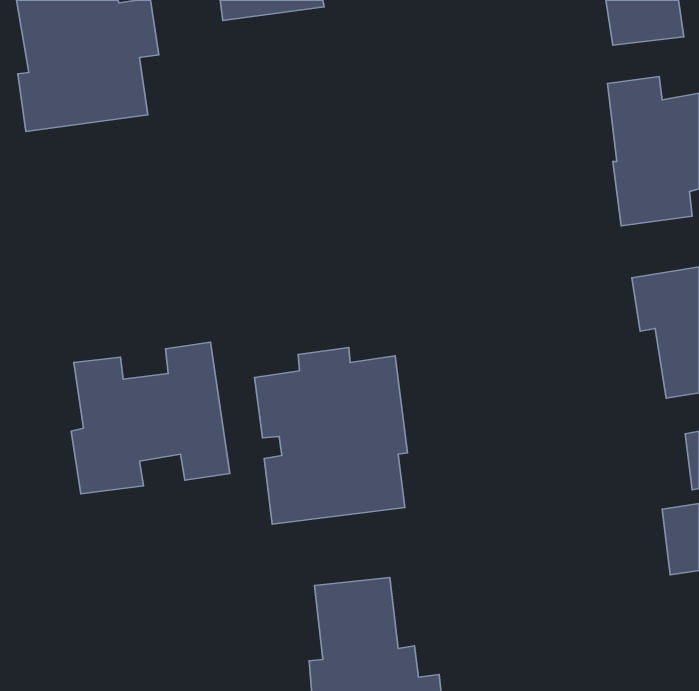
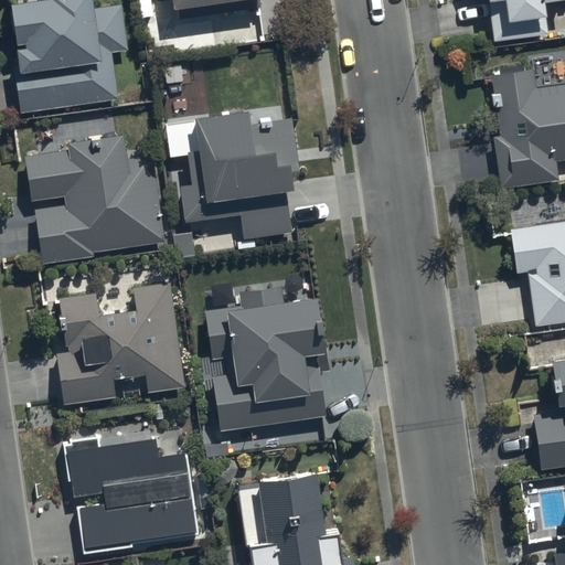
building: none -> [177,107,300,241]
building: none -> [26,134,164,265]
building: none -> [62,437,199,554]

